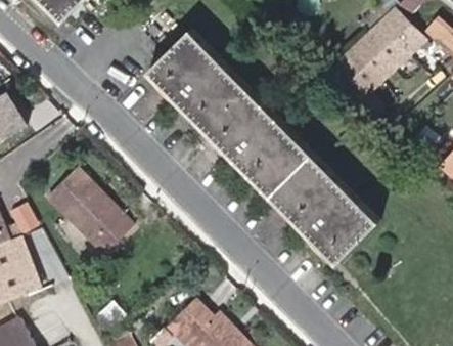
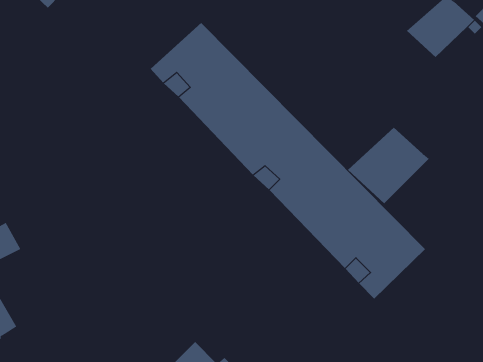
building: [325,39,394,103] -> [347,127,429,204]
building: [41,162,128,249] -> none

